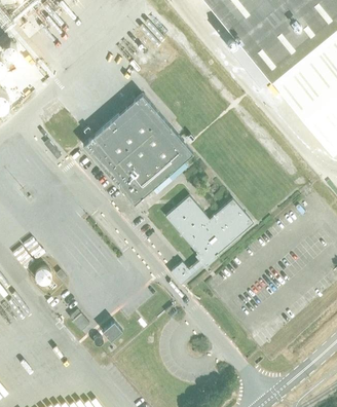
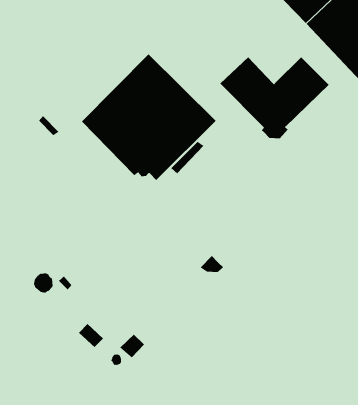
building: [164,195,254,264] -> [220,56,330,139]

